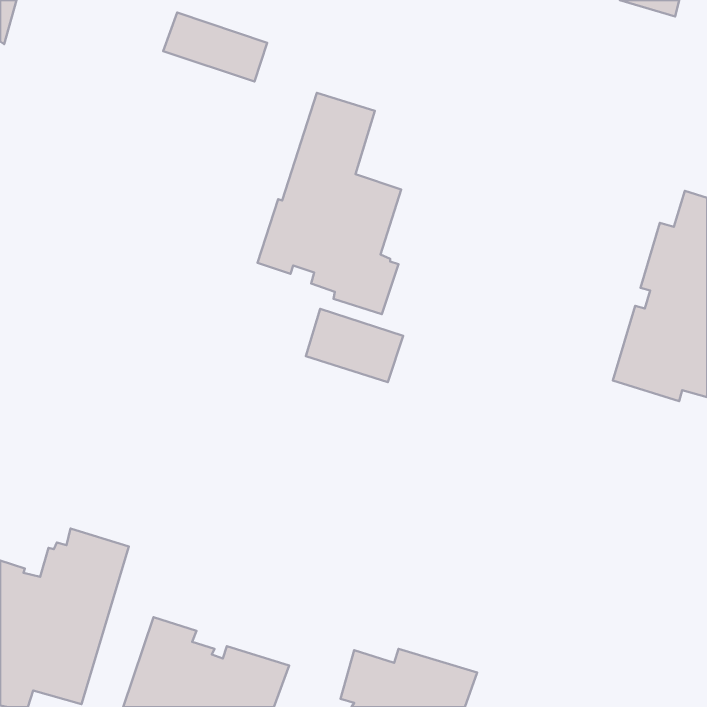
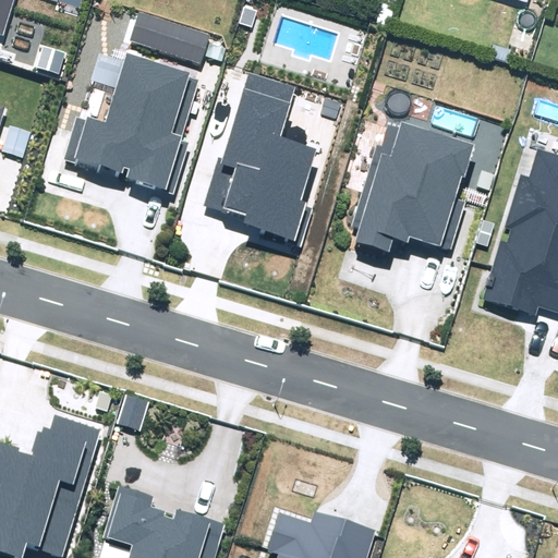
building: none -> [63,52,199,194]
building: none -> [353,123,476,252]
building: [306,309,403,382] -> none

